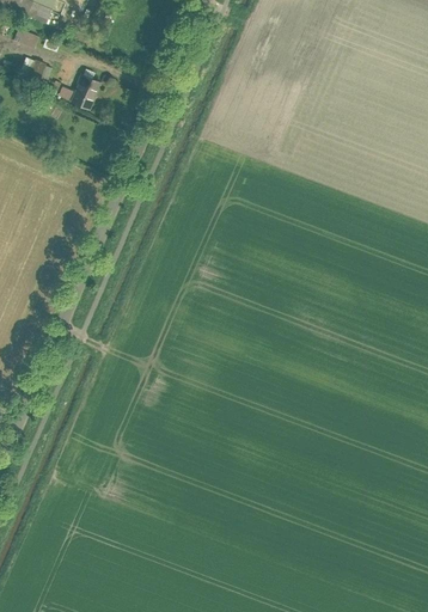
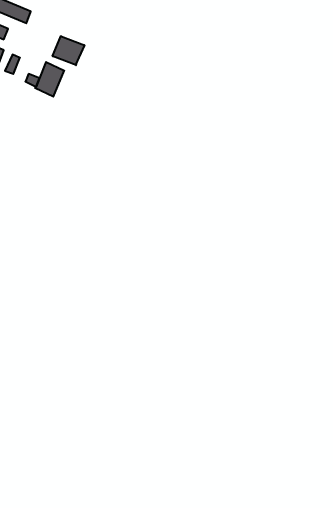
building: none -> [53,36,84,65]

